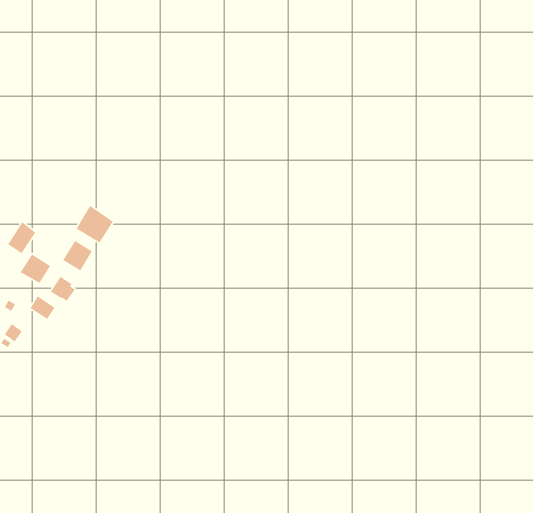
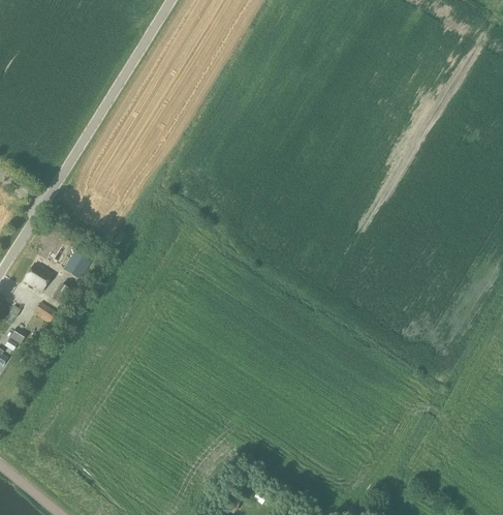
building: [75,205,114,244] -> none
building: [7,221,36,254] -> none

